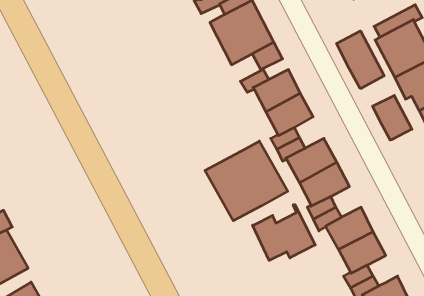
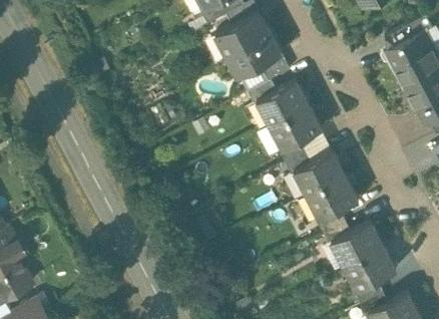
building: [337,31,384,88] -> none
building: [373,95,412,140] -> none
building: [205,141,288,221] -> none
building: [253,205,315,260] -> none

